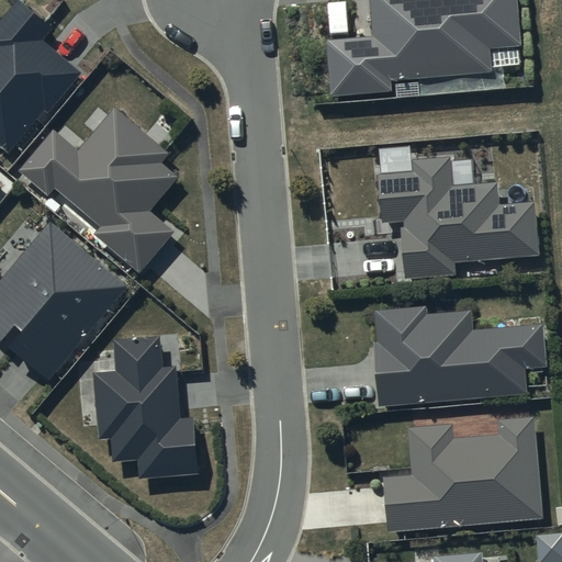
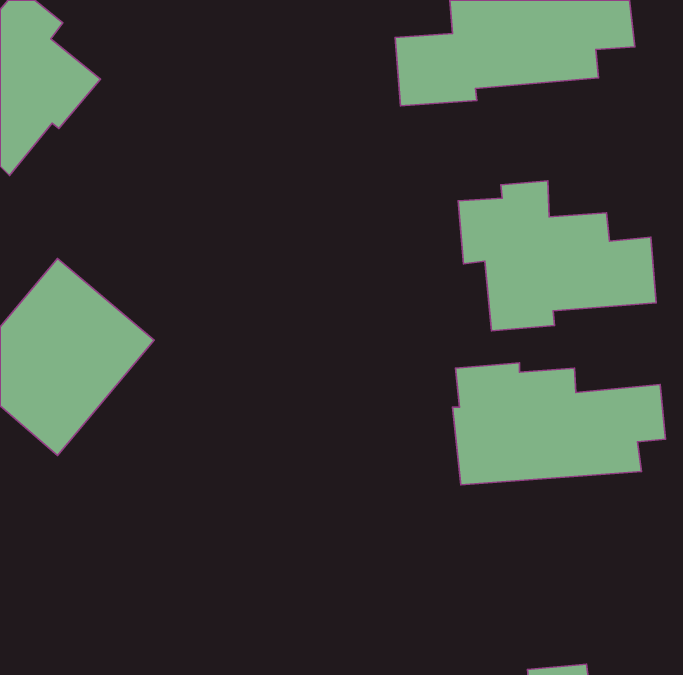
building: [19,106,179,272] -> none
building: [93,336,200,479] -> none
building: [382,417,542,531] -> none

